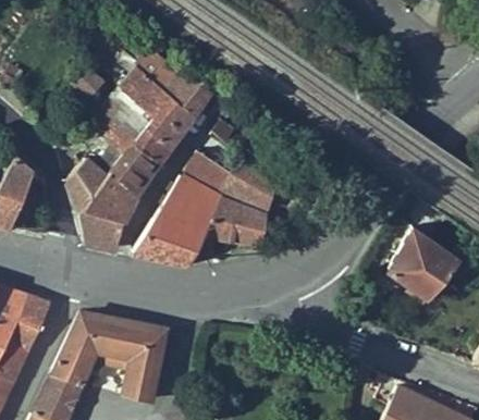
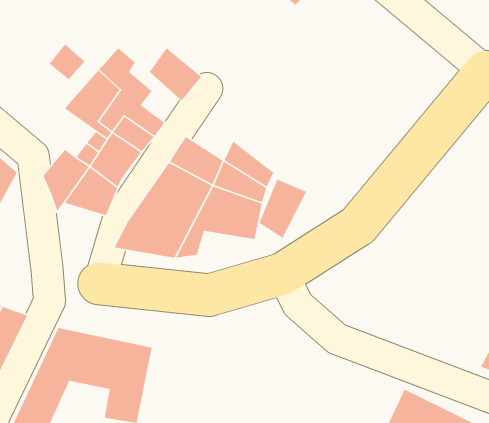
building: [133,45,192,136] -> none
building: none -> [258,179,307,239]
building: [76,210,122,249] -> none
building: [378,220,455,295] -> none

